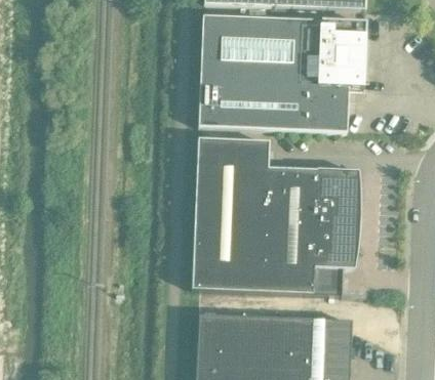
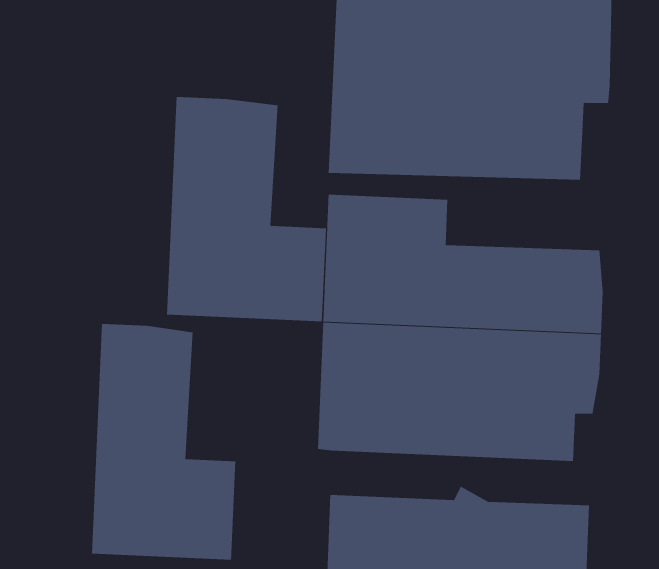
building: none -> [166,96,326,322]
building: none -> [91,323,236,561]

